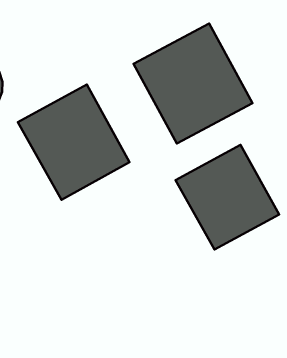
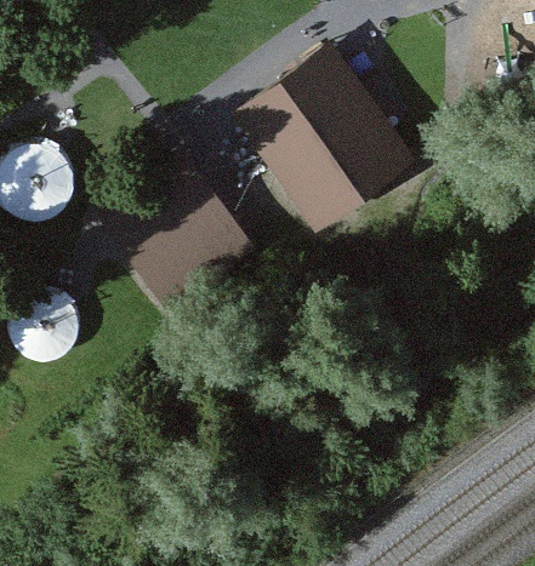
building: [176,145,279,250] -> none

